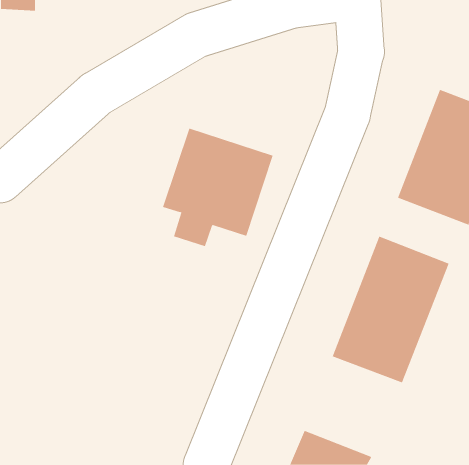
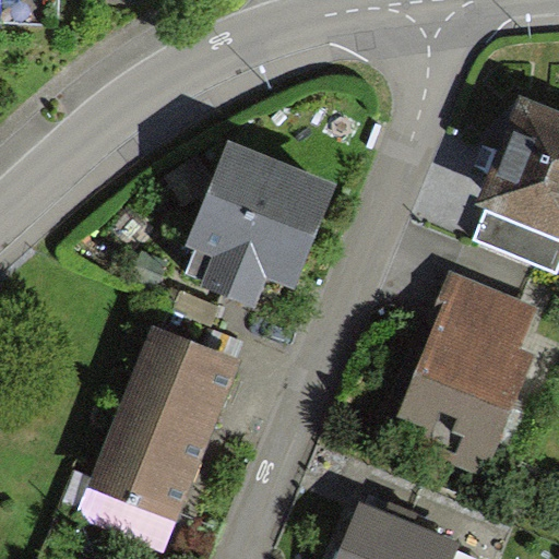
building: none -> [93,330,228,536]

